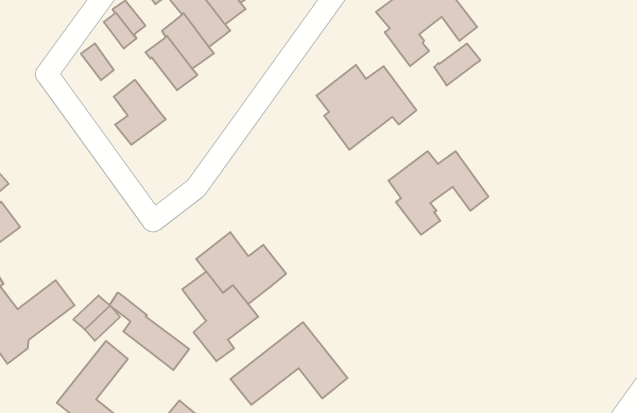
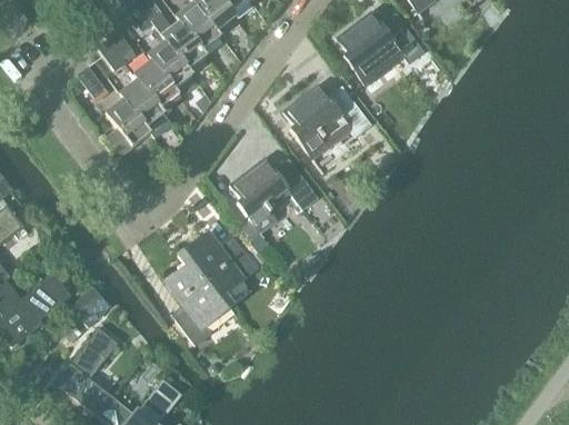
building: [434,44,480,86] -> none
building: none -> [119,78,166,127]
building: [388,151,488,235] -> [230,158,318,231]
building: [109,293,189,370] -> none
building: [230,322,348,405] -> none

